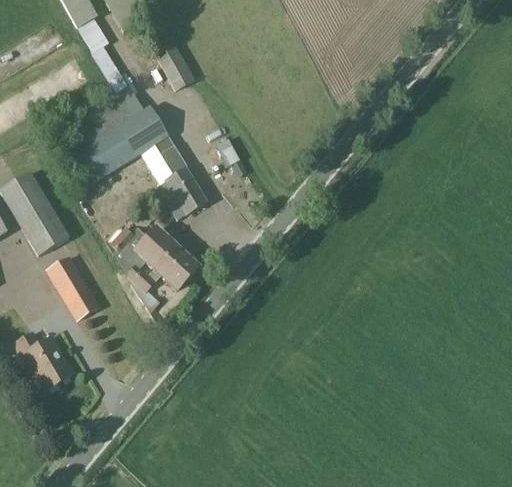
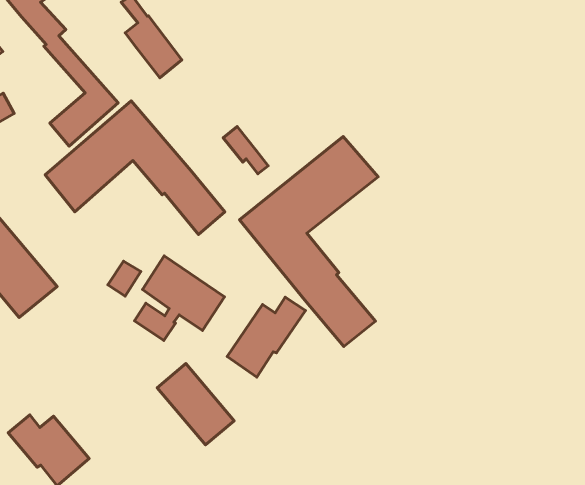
building: none -> [239,137,378,347]
building: [46,255,101,320] -> [157,363,234,445]
building: none -> [227,297,305,377]

